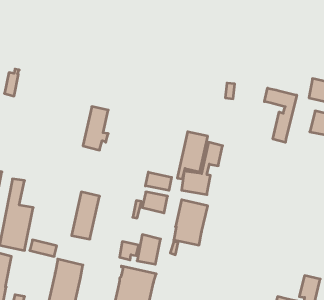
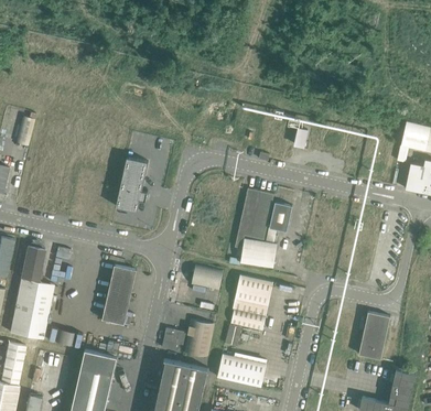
building: [264,88,297,142] -> none
building: [145,172,172,190] -> none
building: none -> [358,311,390,359]
building: none -> [217,354,267,387]

